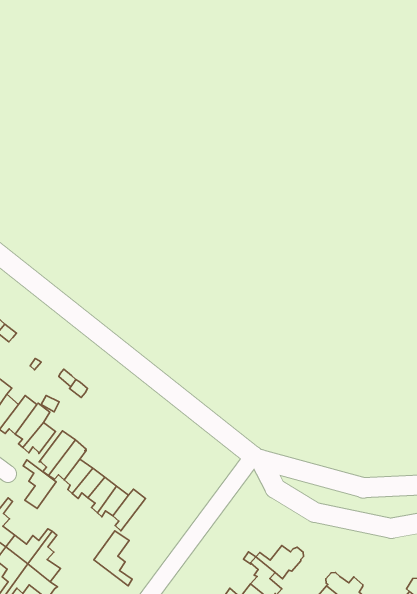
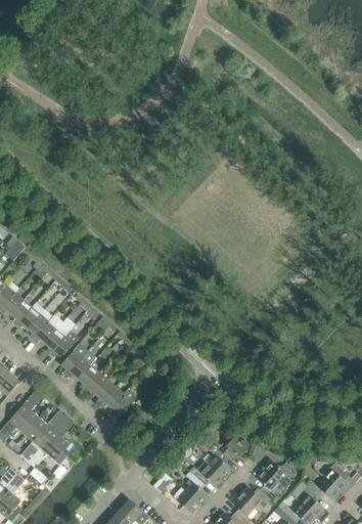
building: [23,460,56,508] -> none
building: [94,531,132,586] -> none

